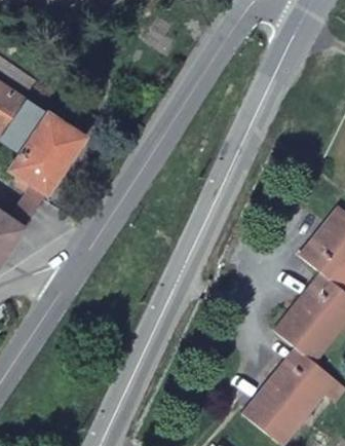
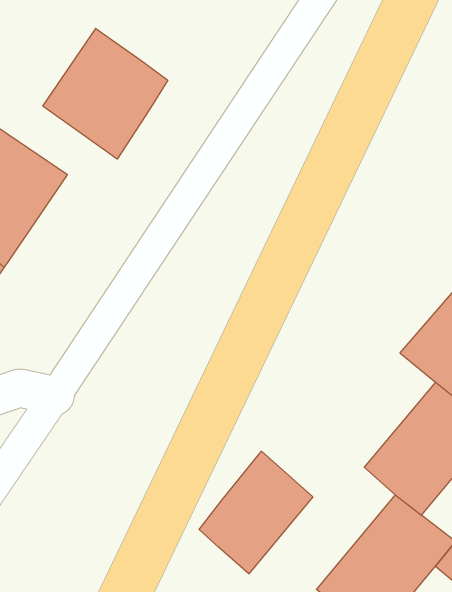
building: none -> [43,28,168,159]
building: none -> [199,451,313,574]

